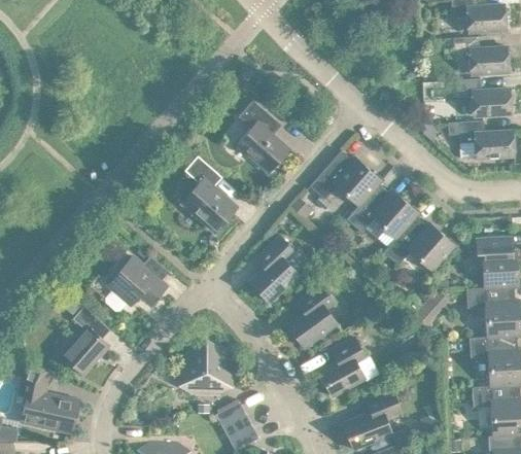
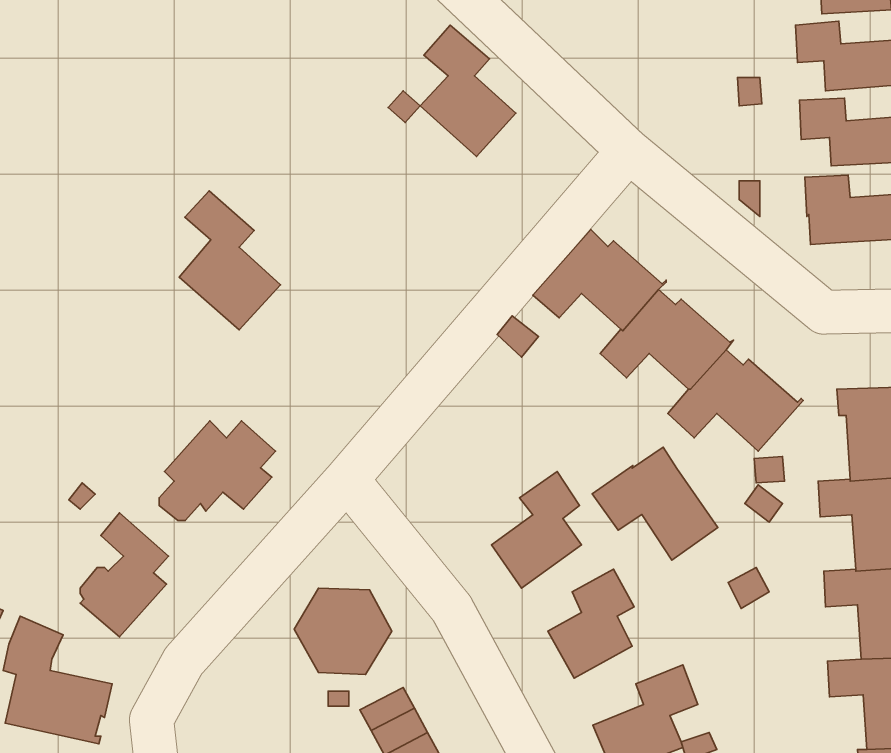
building: [237,101,289,173] -> [420,25,516,156]
building: [181,156,237,233] -> [179,191,280,330]
building: [249,237,299,303] -> none
building: none -> [592,447,718,560]

